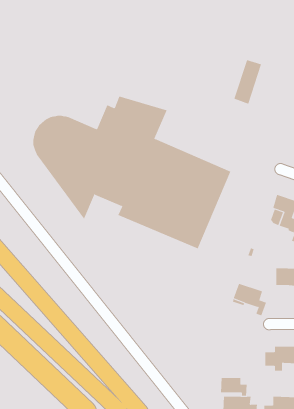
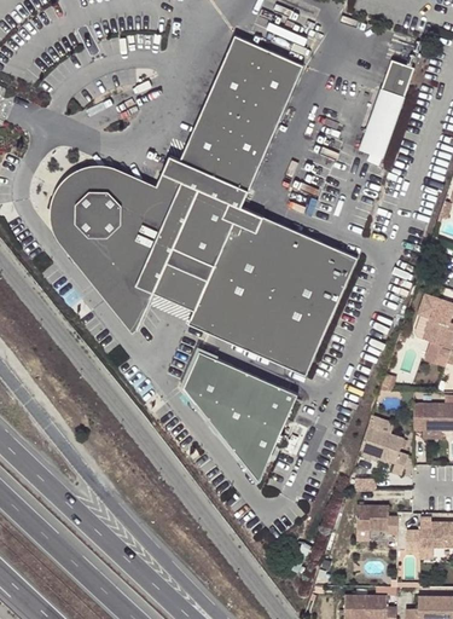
building: none -> [187,37,302,167]
building: none -> [378,60,412,98]
building: none -> [182,351,297,481]
building: [220,378,248,396] -> [355,505,396,533]

